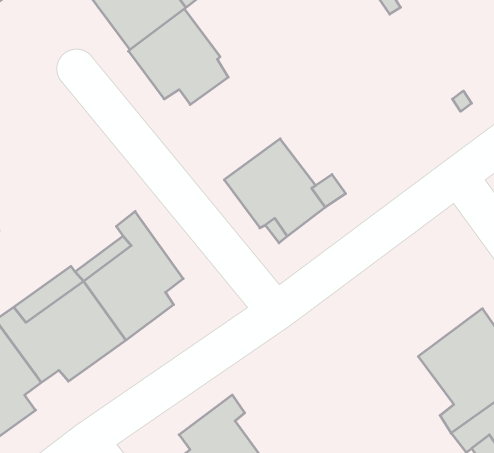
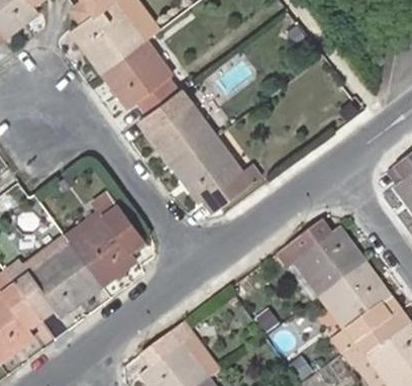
building: none -> [140,88,216,167]
building: none -> [279,220,366,297]

